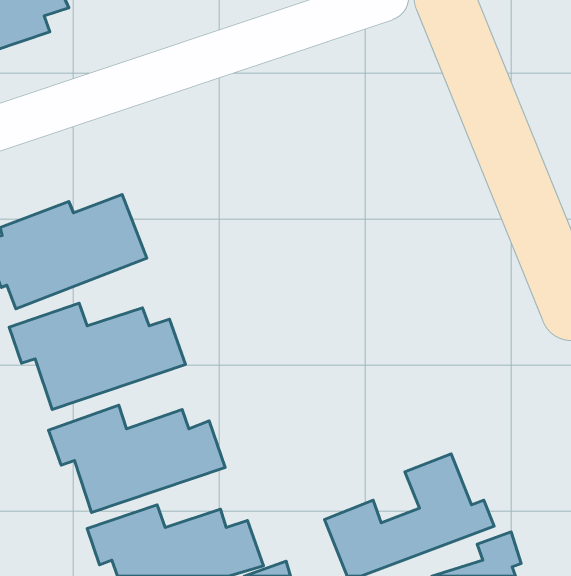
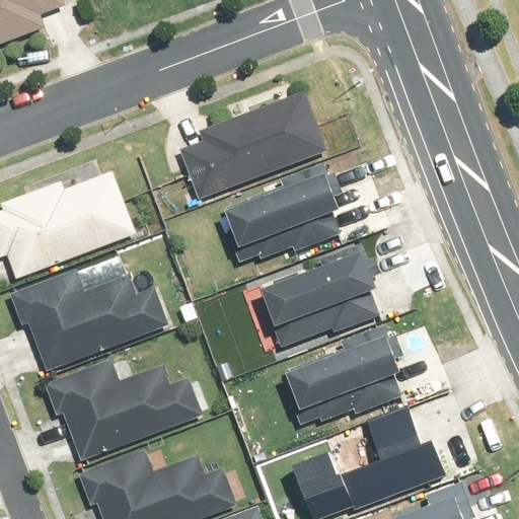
building: none -> [177,92,327,199]
building: none -> [224,164,342,262]
building: none -> [265,244,377,347]
building: none -> [289,327,402,430]

